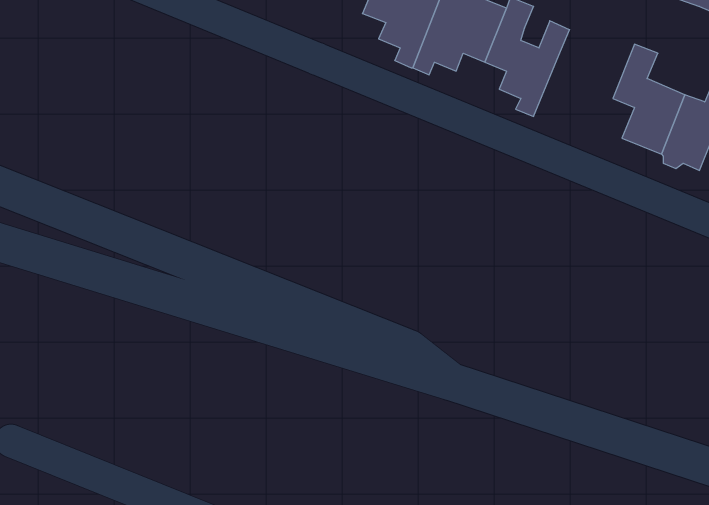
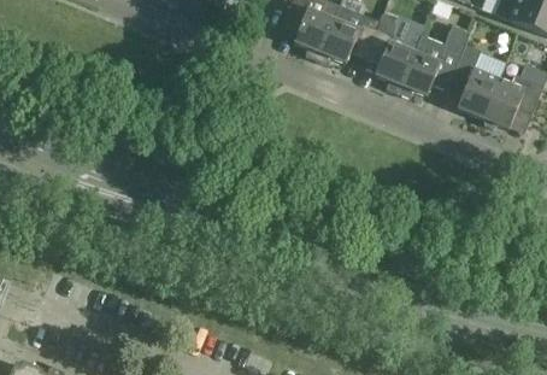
building: none -> [398,24,470,96]

